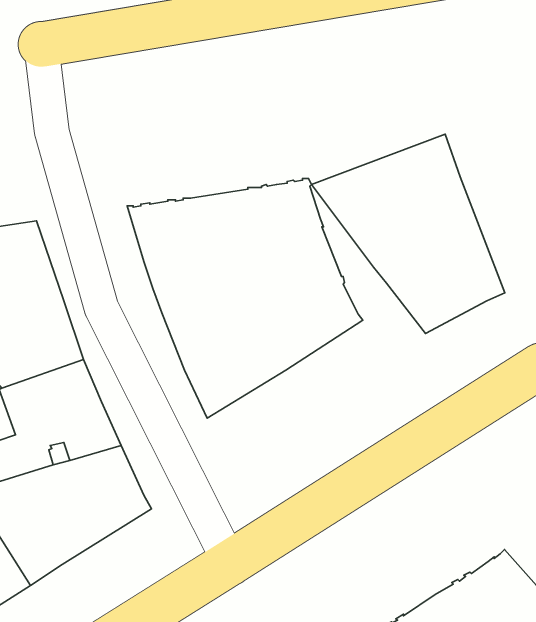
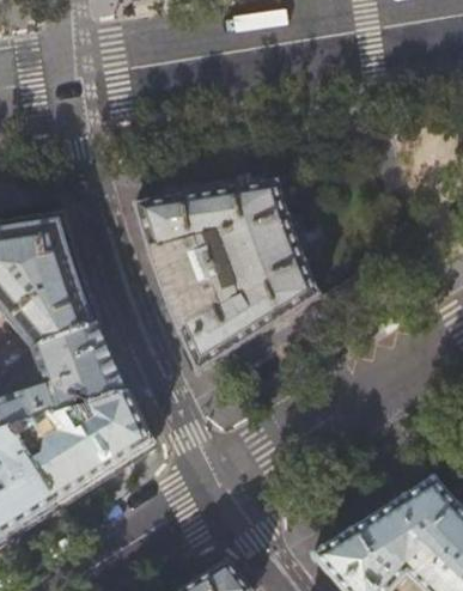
building: [311,134,505,333] -> none

